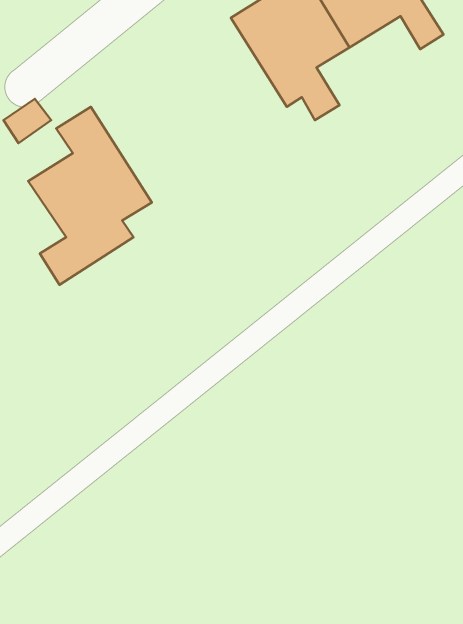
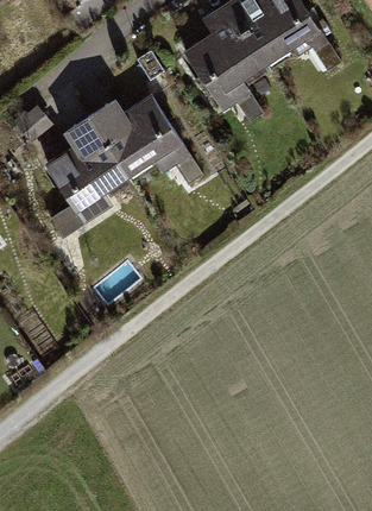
building: none -> [86,90,201,187]

